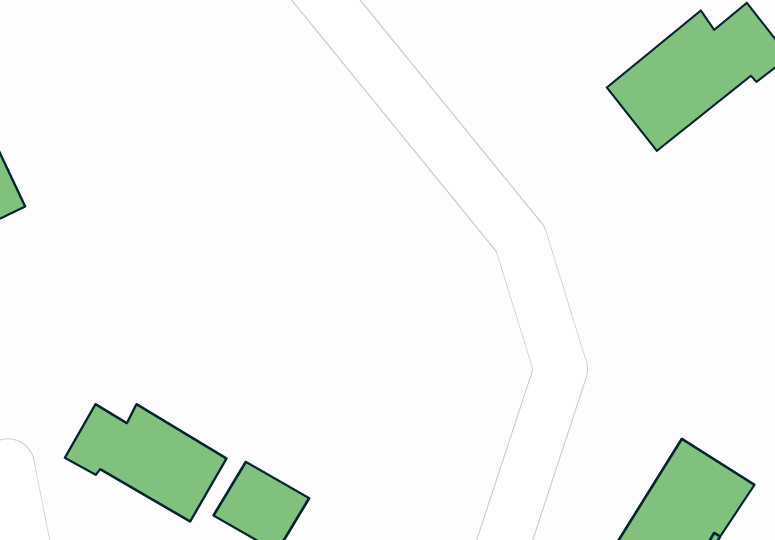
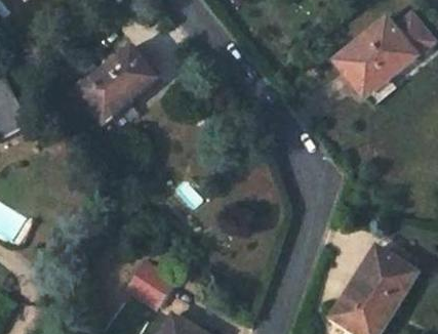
building: none -> [79,45,157,120]
building: [65,404,227,522] -> none

